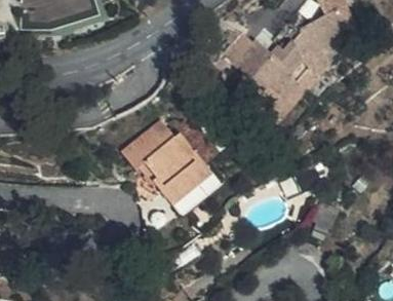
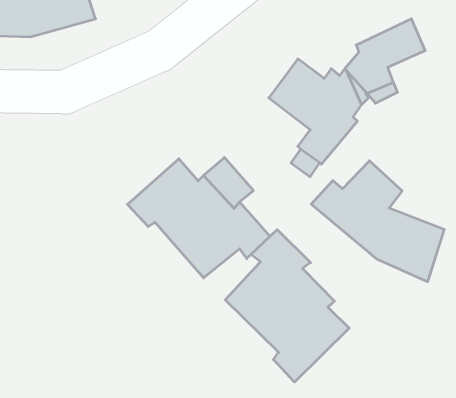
building: none -> [311,161,444,282]
building: none -> [225,230,349,382]

